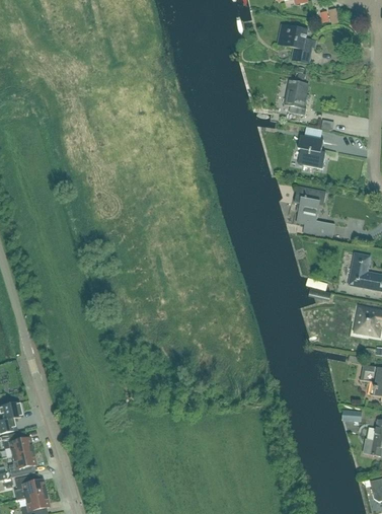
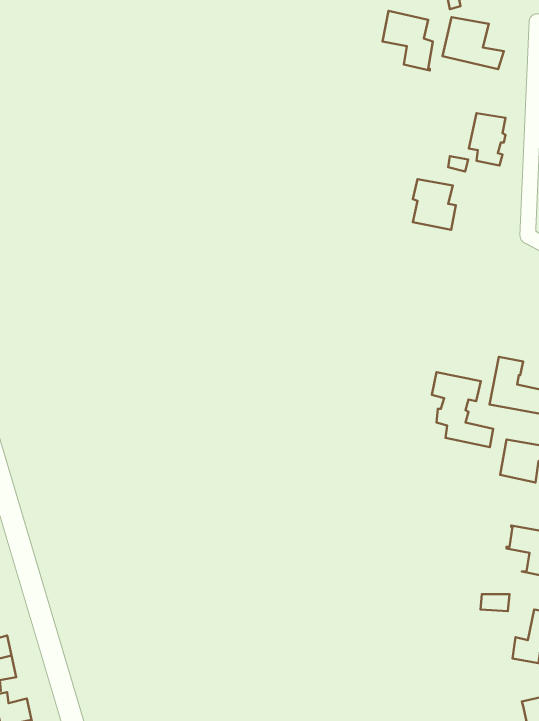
building: none -> [443,17,504,69]
building: [285,80,309,115] -> [469,113,506,165]
building: [294,187,334,236] -> [432,372,493,447]

